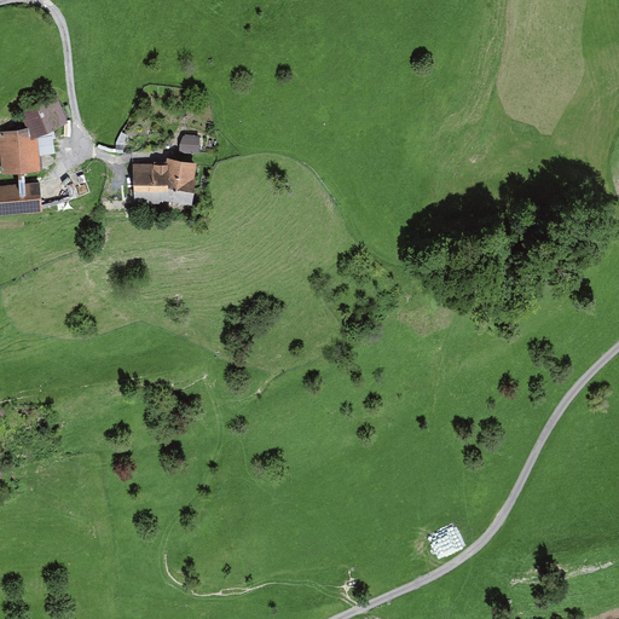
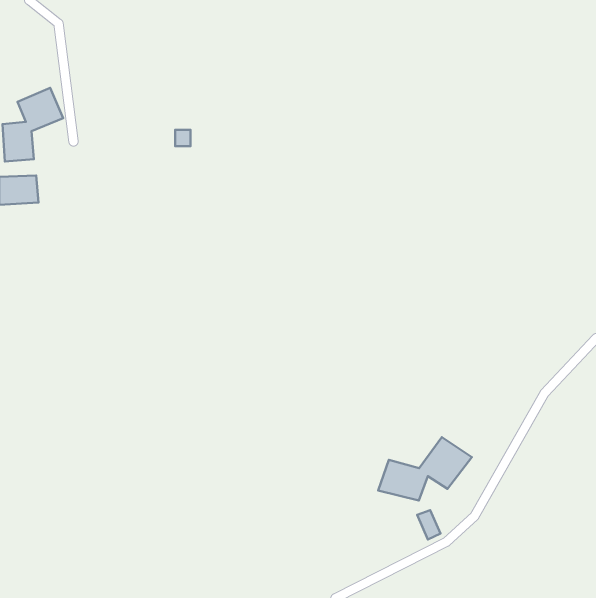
building: [133,166,191,201] -> none
building: none -> [378,437,472,501]

